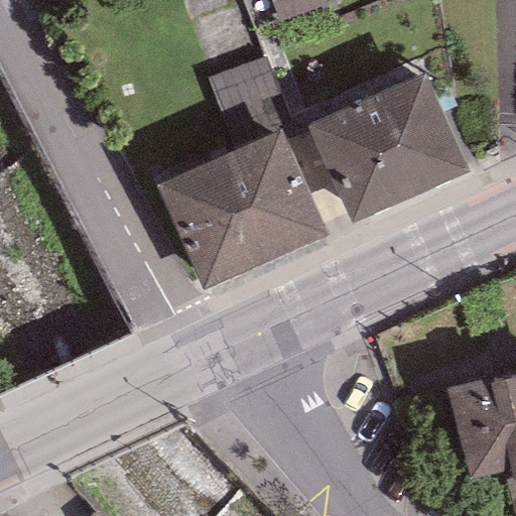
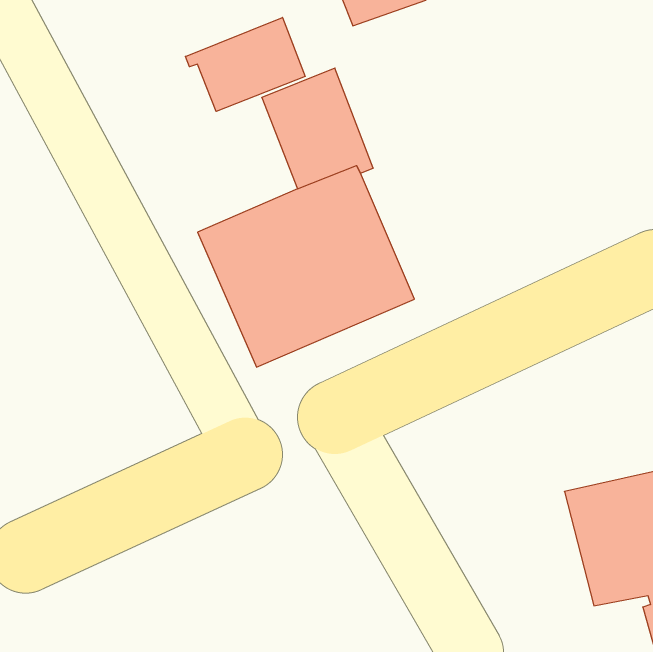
building: none -> [185,17,305,111]
building: [308,71,469,220] -> none

